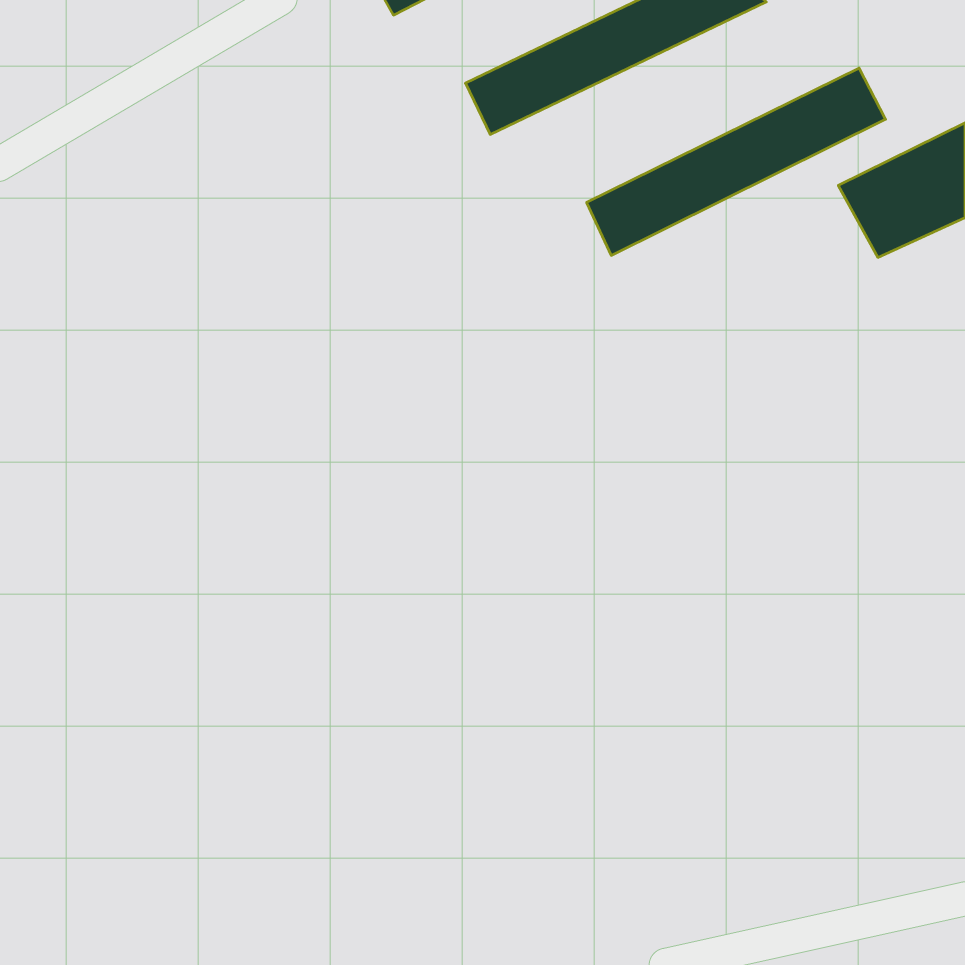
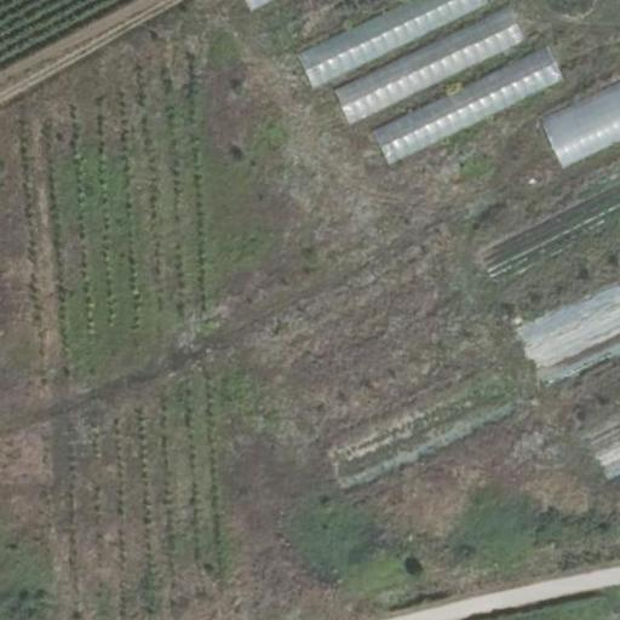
building: none -> [334,6,526,122]

